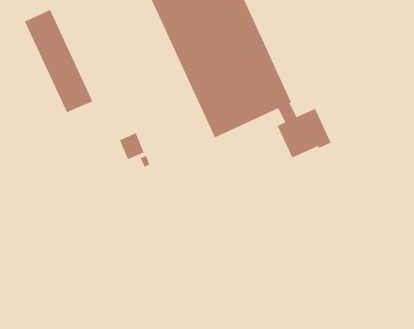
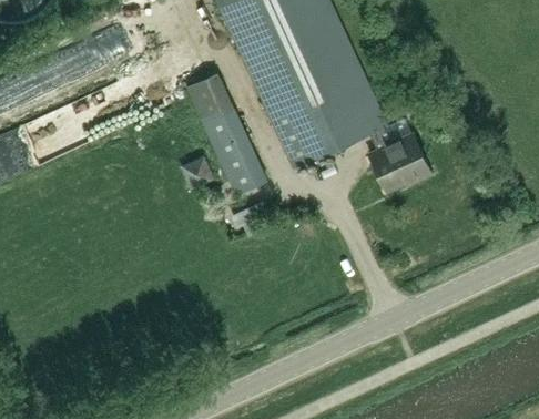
building: [24,9,93,113] -> [186,74,267,196]

